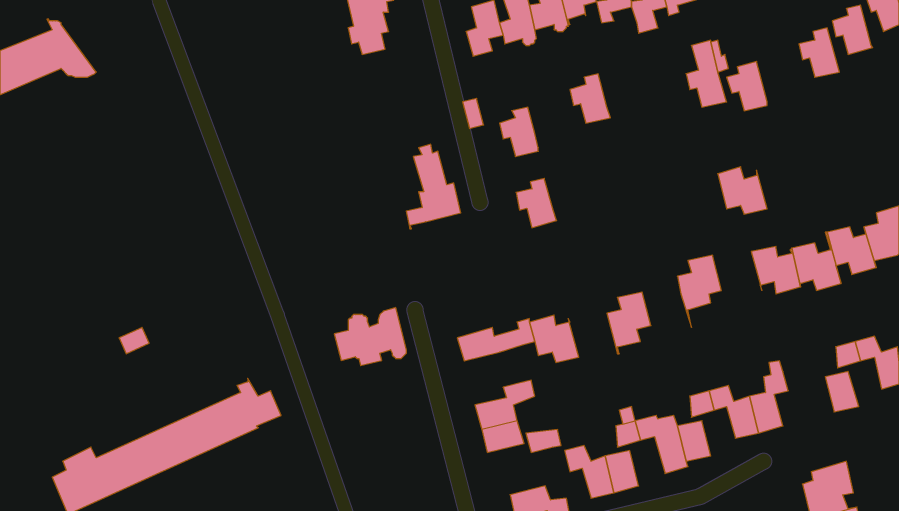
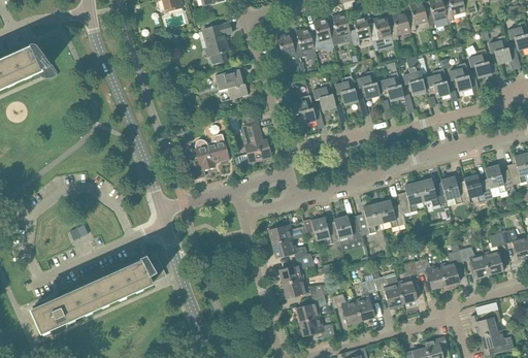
building: none -> [449,62,471,92]
building: none -> [214,69,248,99]
building: none -> [356,69,380,99]
building: none -> [381,71,403,101]
building: [718,167,767,214] -> [418,177,447,205]
building: [516,178,557,228] -> [312,82,336,110]
building: none -> [376,199,405,228]
building: [334,308,406,366] -> [187,135,229,169]
building: none -> [333,215,362,242]
building: none -> [272,238,307,259]
building: none -> [459,247,489,278]
building: none -> [295,294,326,322]

